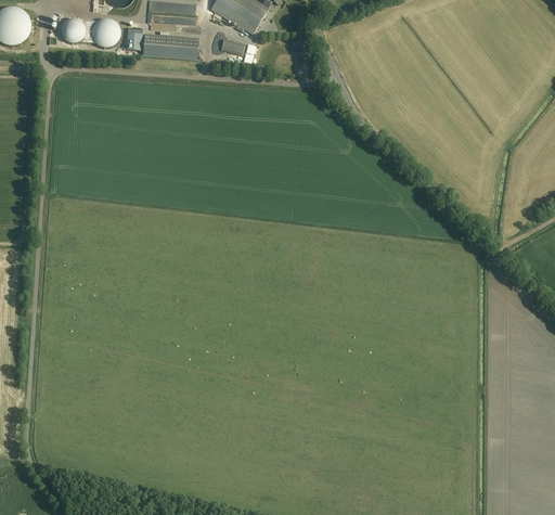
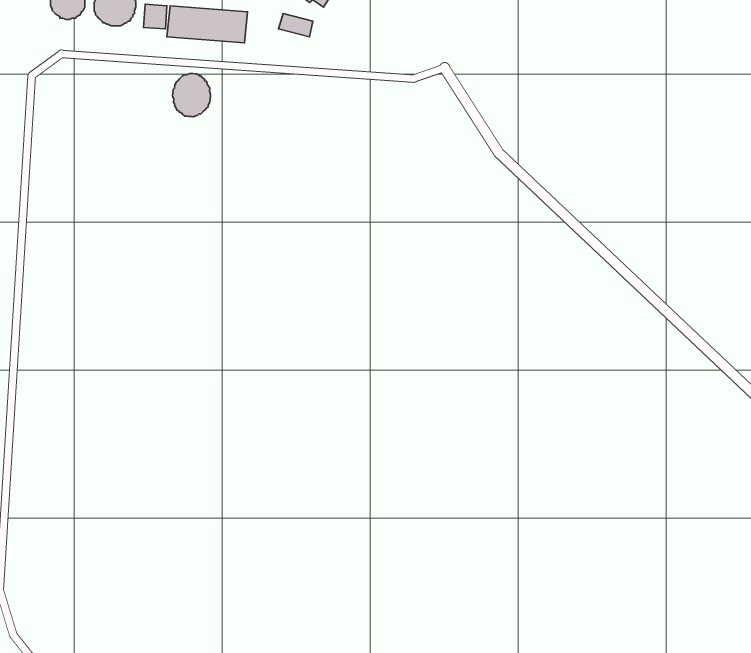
building: none -> [173,73,211,117]

